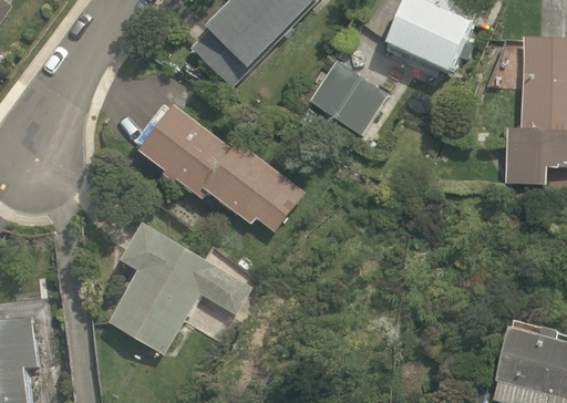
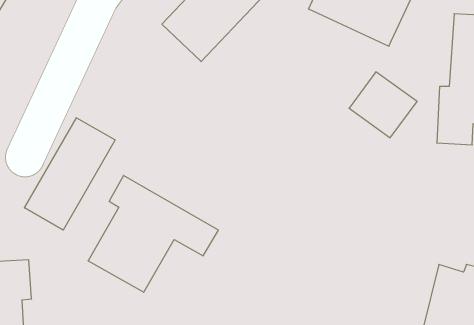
building: [311,61,390,137] -> [349,72,417,138]
building: [135,97,302,231] -> none
building: none -> [24,118,115,230]

